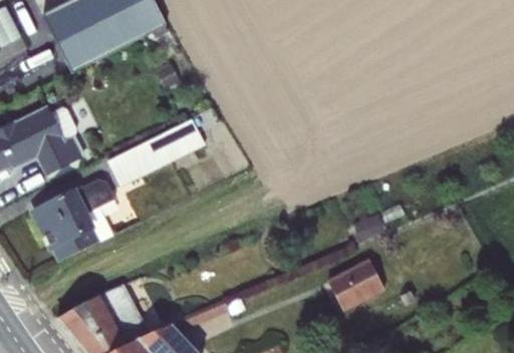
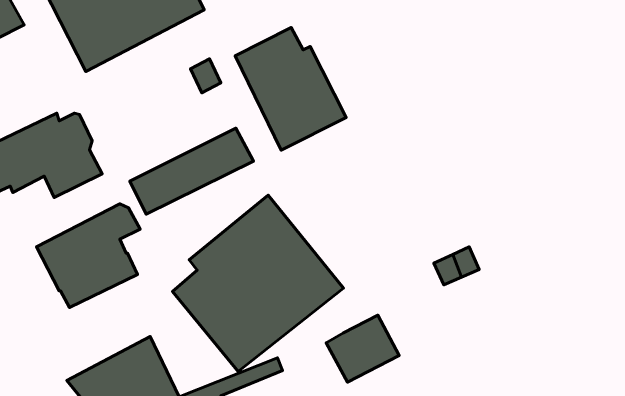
building: none -> [235,27,346,150]
building: none -> [173,195,344,371]
building: [326,258,384,311] -> [326,315,399,382]

